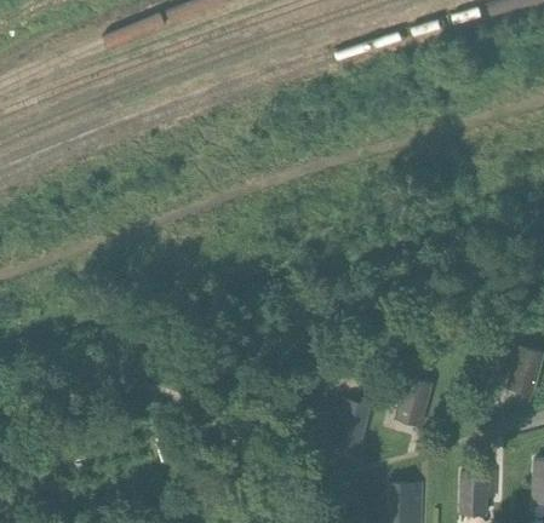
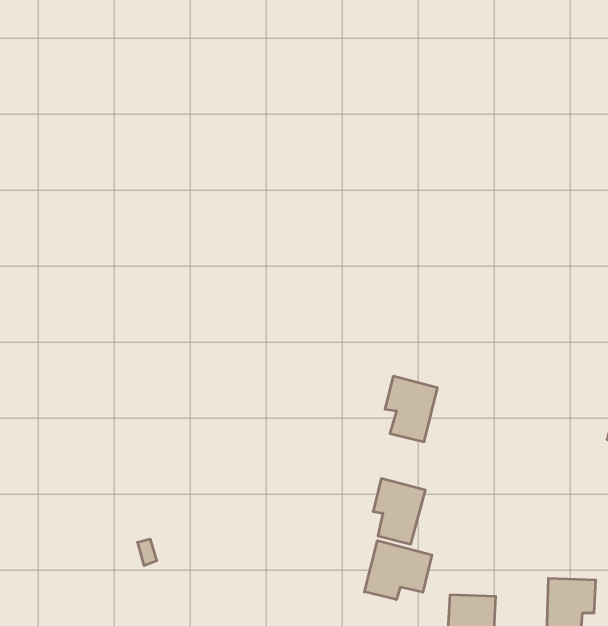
building: [391,378,430,426] -> [385,376,437,442]
building: none -> [364,541,432,600]

